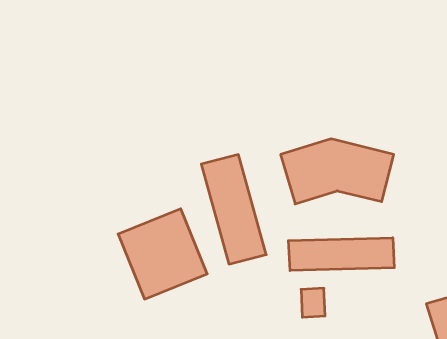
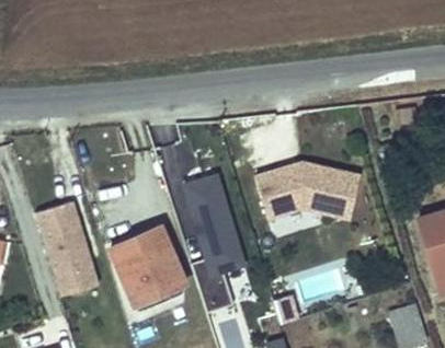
building: none -> [39,202,99,295]
building: [288,238,394,271] -> none

